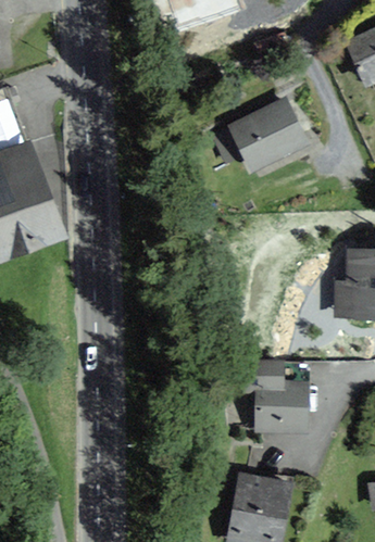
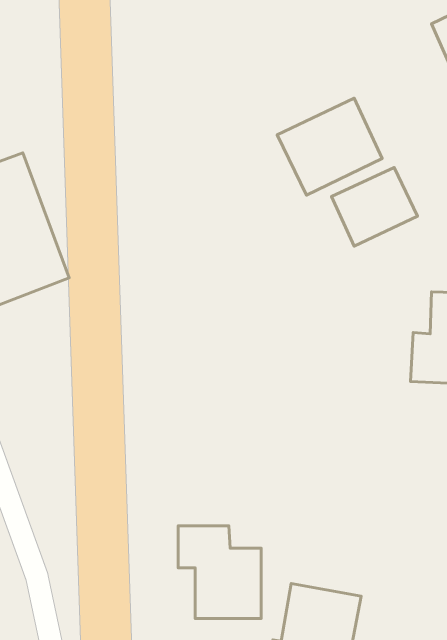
building: none -> [331,167,418,246]
building: [245,361,309,432] -> [178,526,261,618]

